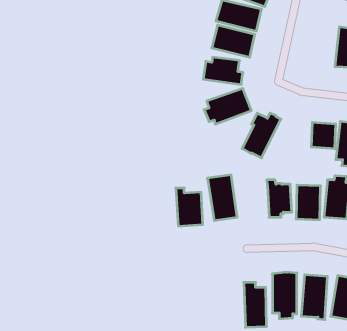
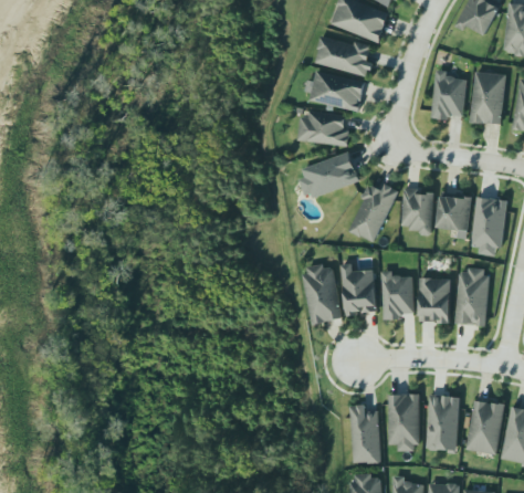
building: none -> [432,70,468,119]
building: none -> [400,187,434,235]
building: [176,188,203,226] -> [342,264,377,314]

